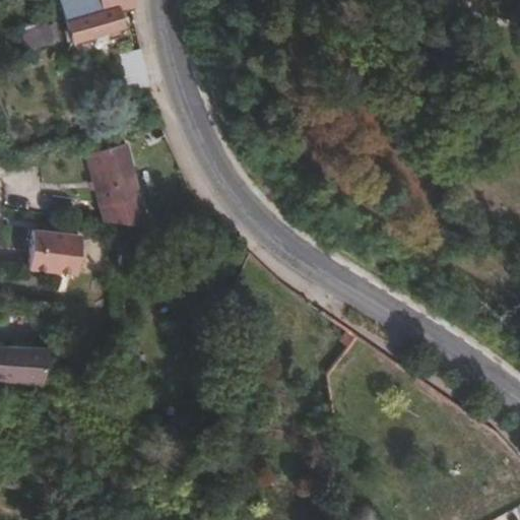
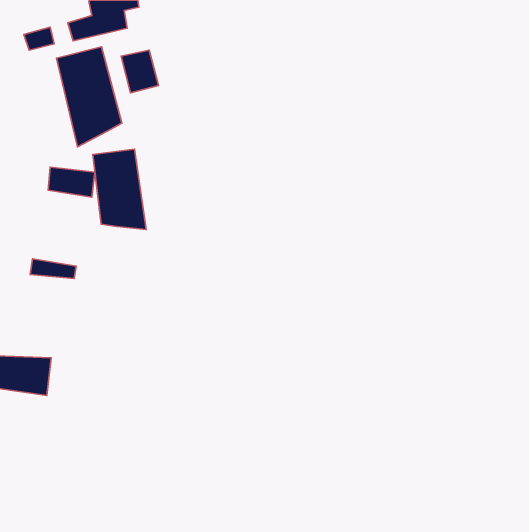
building: none -> [56,47,122,147]
building: [31,231,77,260] -> [48,167,95,197]

